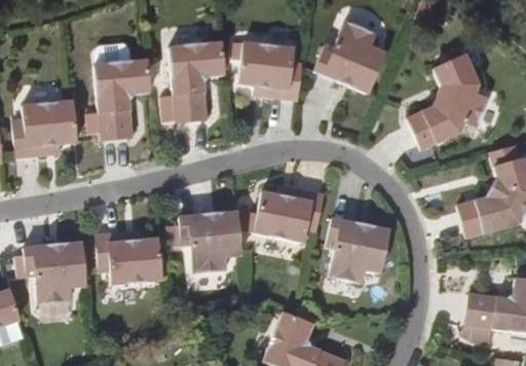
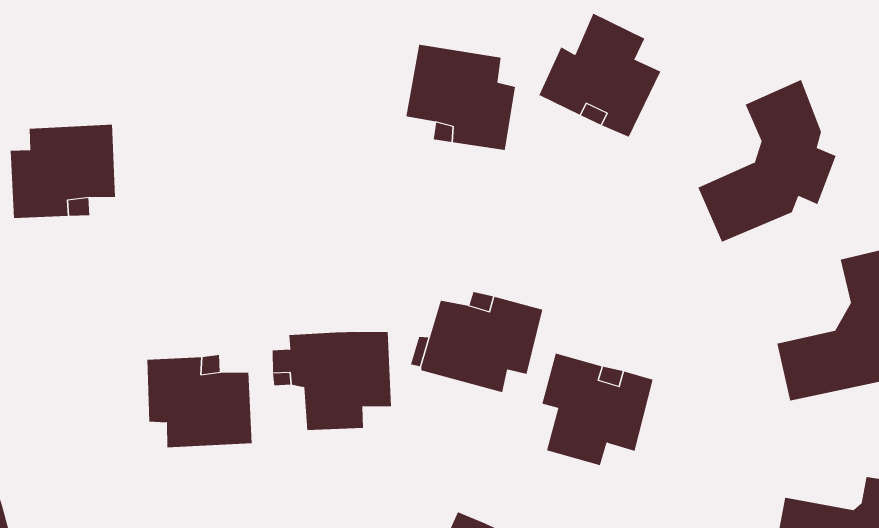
building: [170,41,224,119] -> none
building: [86,44,149,138] -> none
building: [25,247,85,305] -> none

